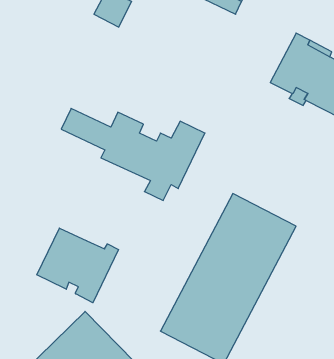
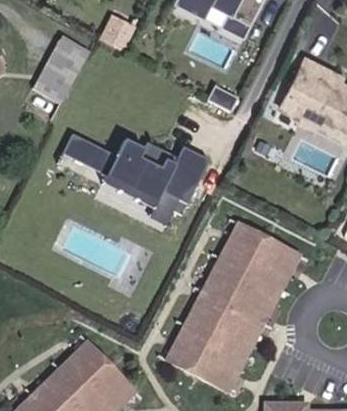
building: none -> [29,40,83,103]
building: [37,228,118,303] -> none

